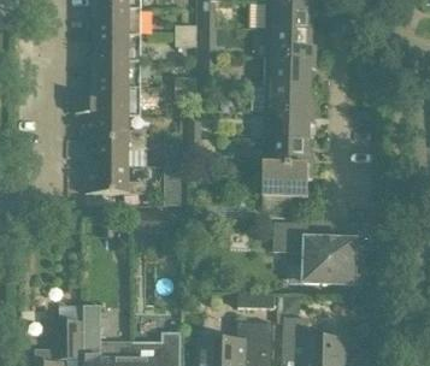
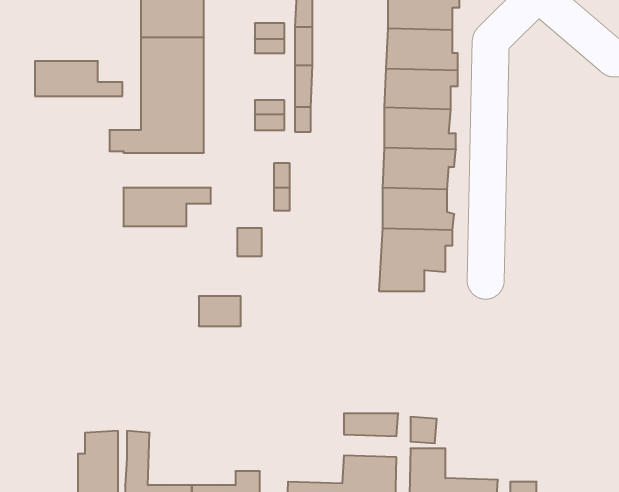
building: [86,114,146,138] -> [35,61,122,96]
building: [86,165,146,193] -> none
building: [273,224,355,284] -> none

